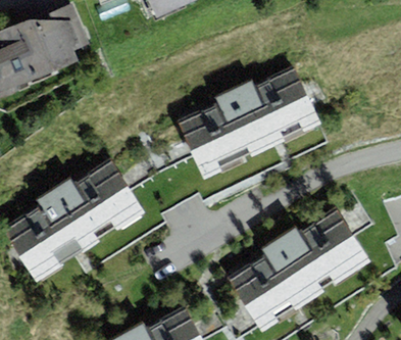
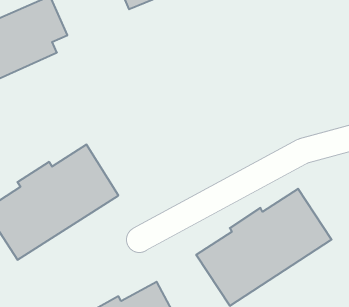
building: [177,64,320,178] -> none

